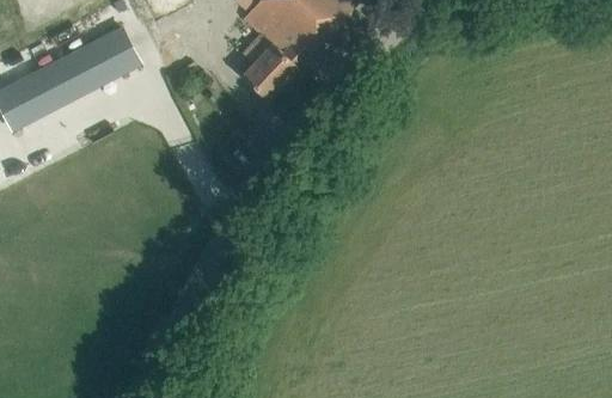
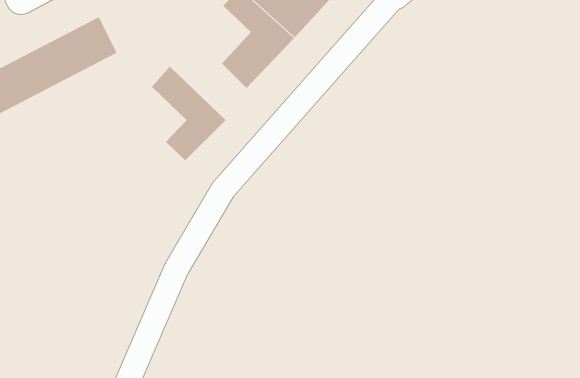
building: none -> [151,66,227,161]

